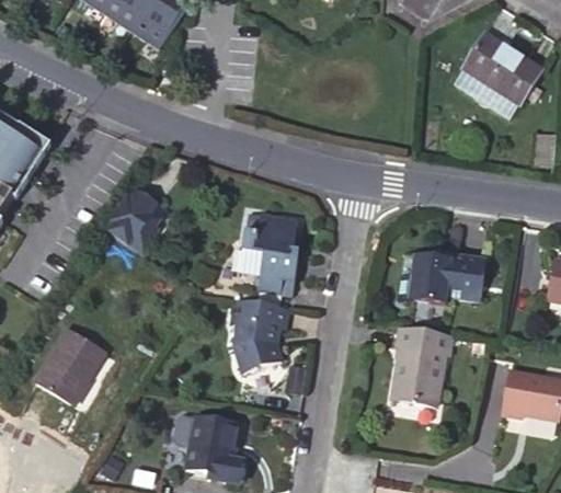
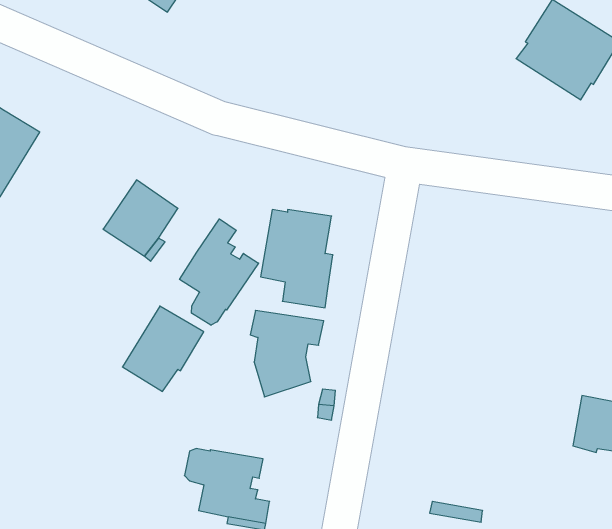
building: none -> [180,219,259,325]
building: [398,249,488,301] -> none
building: [391,324,453,404] -> none
building: [34,330,103,402] -> [122,306,204,391]

